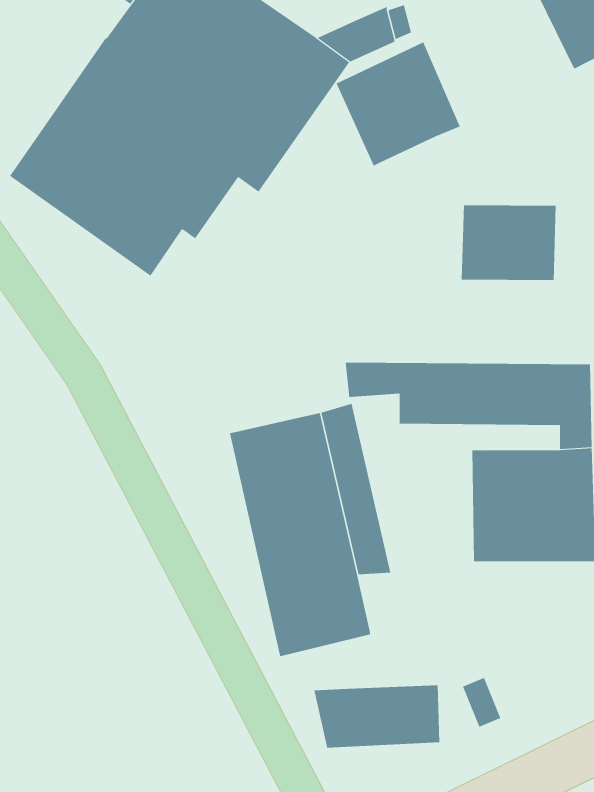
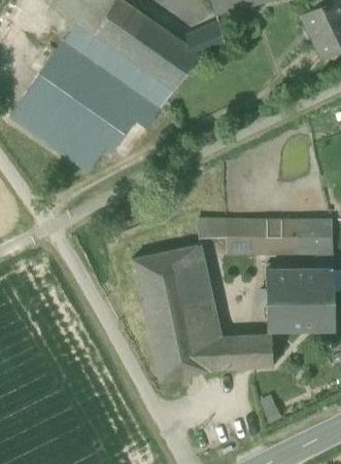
building: [336,41,461,166] -> none
building: [461,205,556,281] -> none
building: [314,685,440,748] -> [203,333,273,368]

